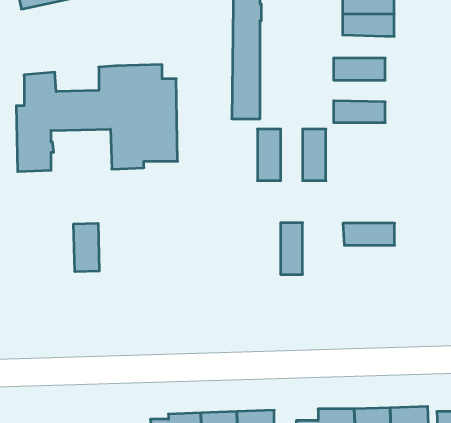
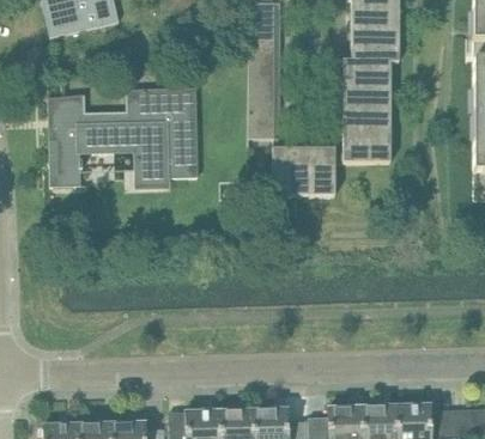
building: none -> [342,59,390,81]
building: none -> [342,102,390,122]
building: [281,223,303,274] -> [293,147,314,195]
building: [74,223,99,272] -> none
building: [343,223,395,245] -> [342,141,390,161]

